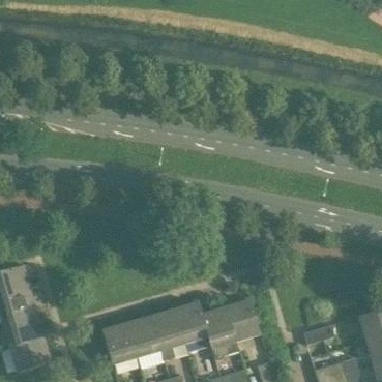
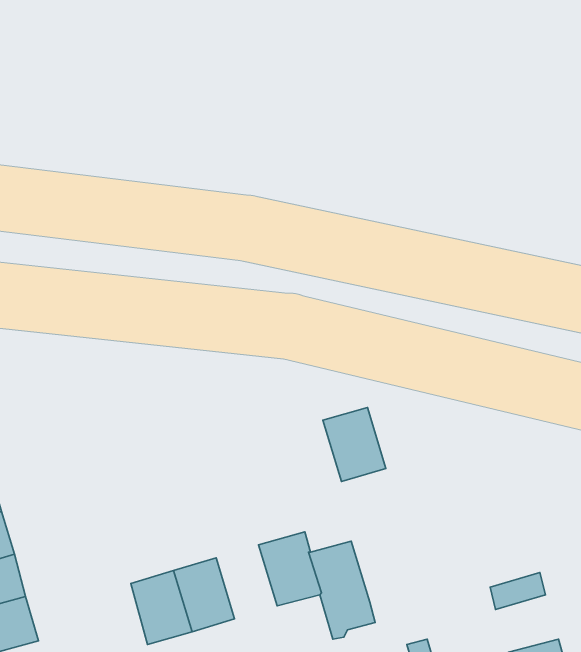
building: [225,299,260,341] -> [323,407,386,481]
building: [149,308,183,361] -> none

